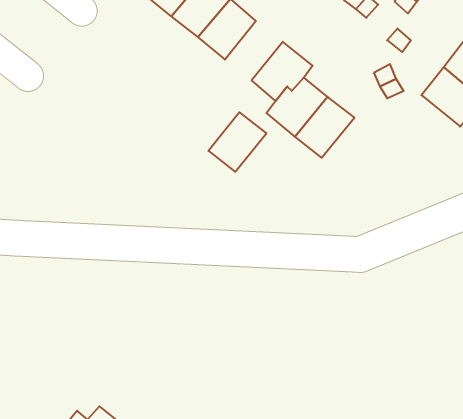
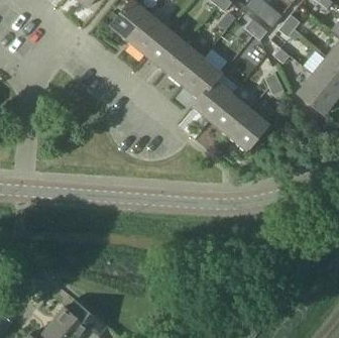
building: [208,112,266,172] -> [163,43,203,84]
building: none -> [229,109,269,151]

